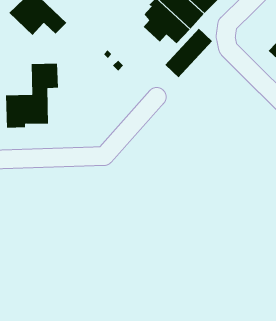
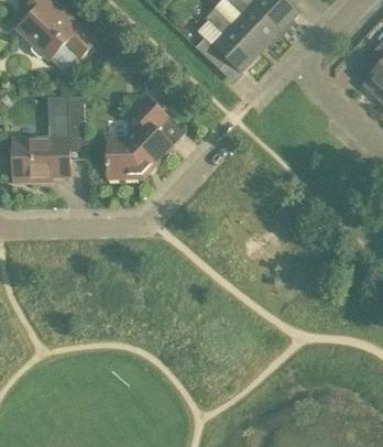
building: [164,28,213,78] -> none
building: none -> [108,97,173,178]

